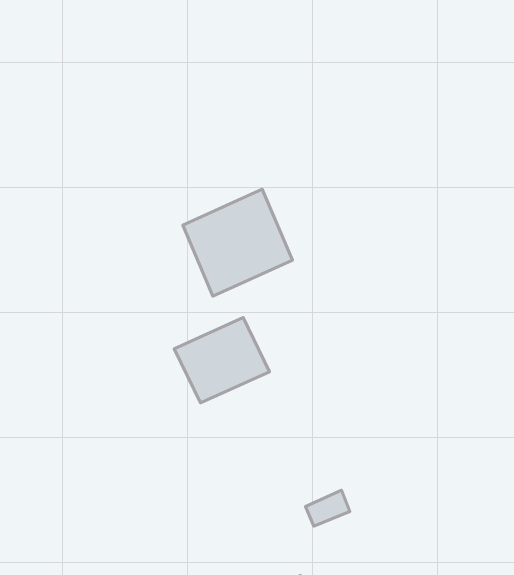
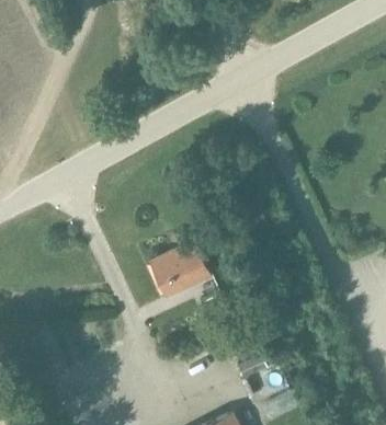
building: [183,189,292,296] -> none

